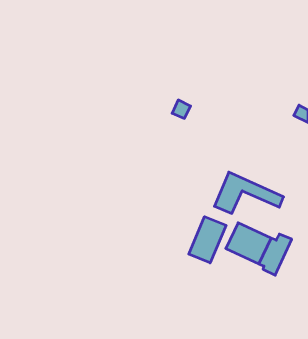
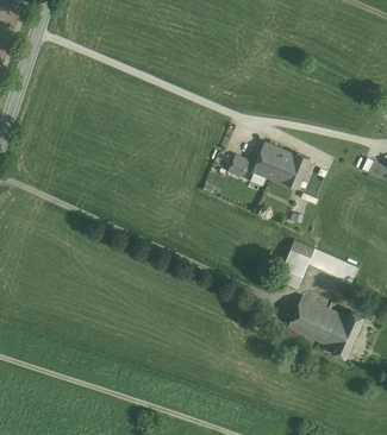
building: none -> [254,144,311,188]
building: [189,217,226,263] -> none

